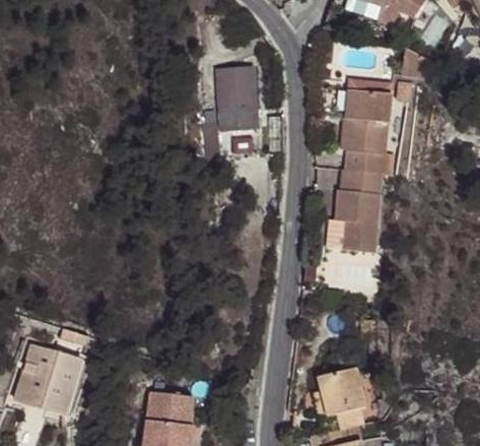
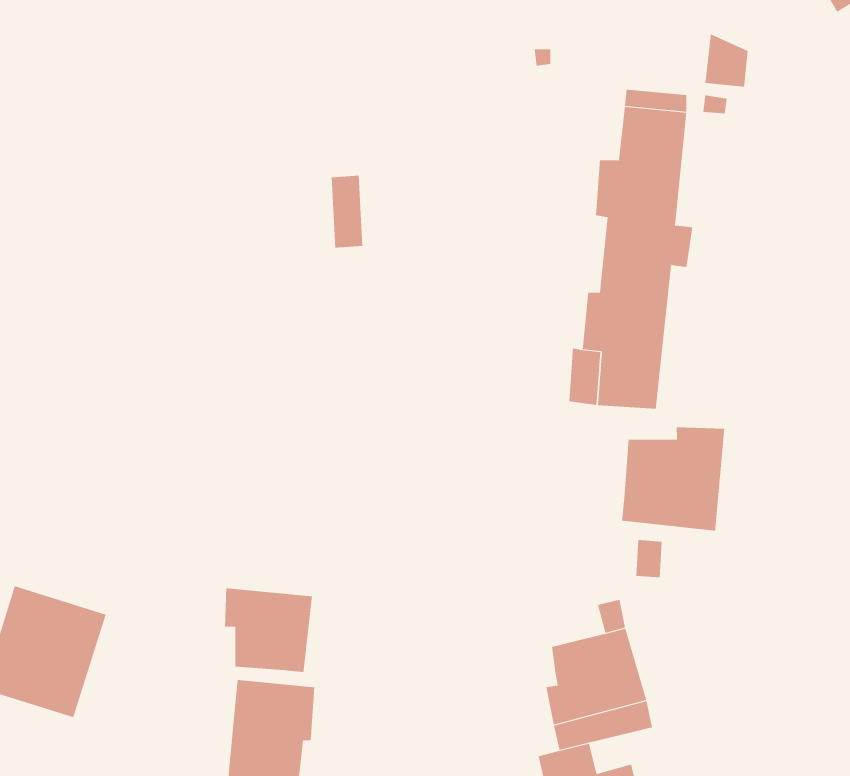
building: [215,66,259,130] -> none
building: none -> [622,426,725,532]
building: none -> [224,588,312,673]

